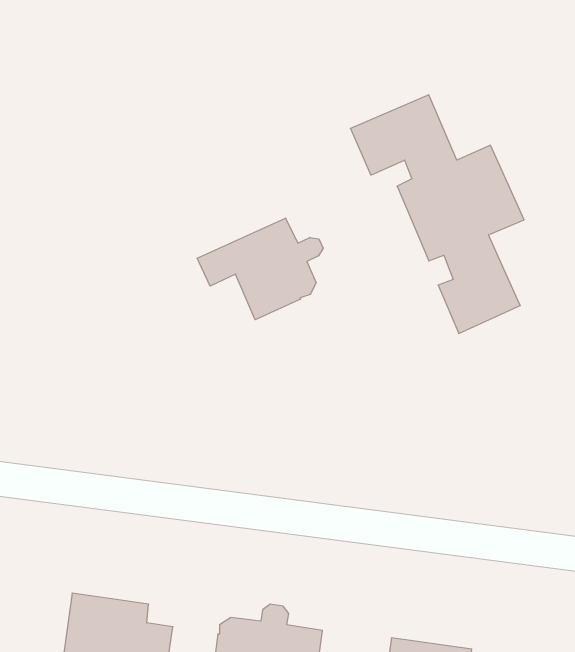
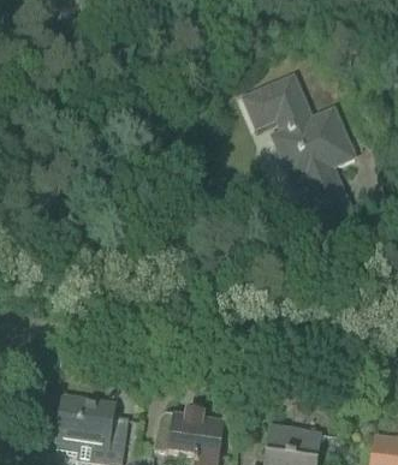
building: [197,218,323,320] -> none

